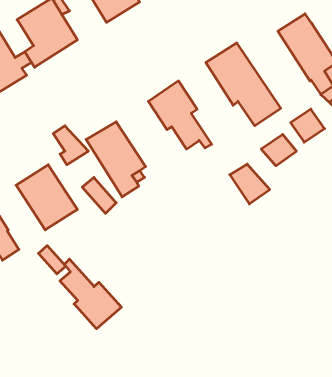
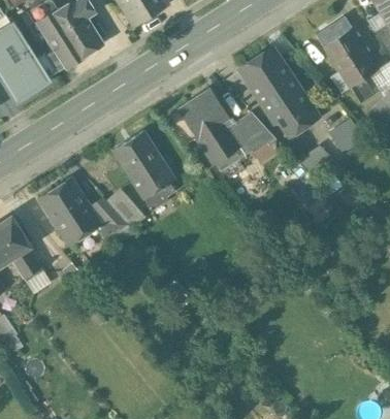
building: [53,126,88,165] -> [91,197,128,238]
building: [230,164,270,204] -> [233,111,275,154]
building: [60,259,121,329] -> none

